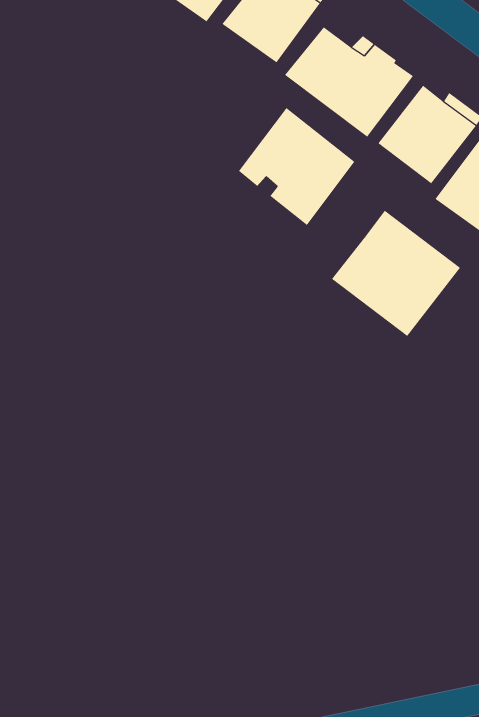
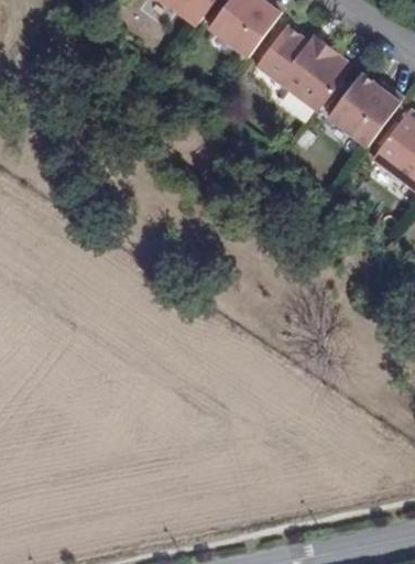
building: [238,107,355,226] -> none
building: [331,210,461,337] -> none

